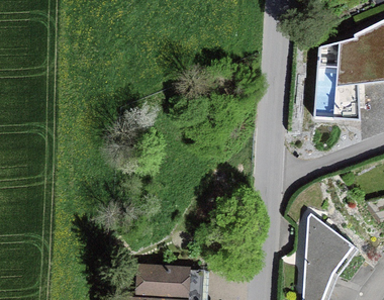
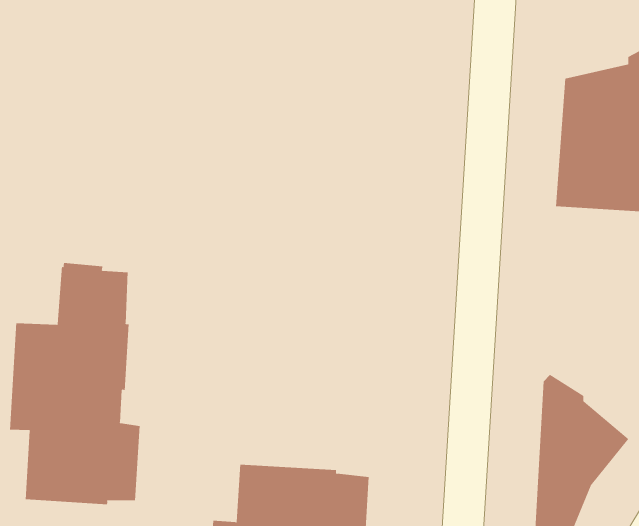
building: none -> [9,262,140,505]

